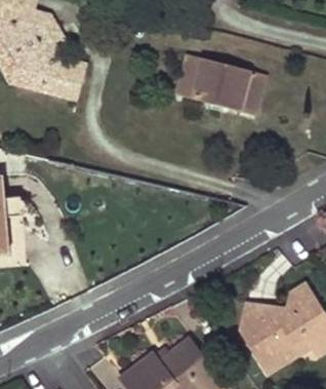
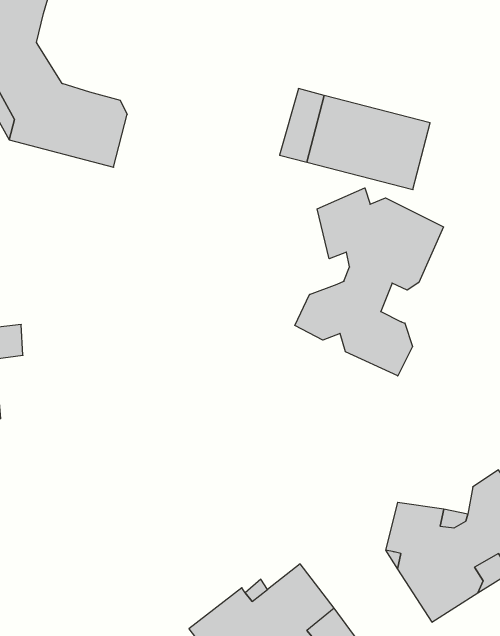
building: [30,9,65,56] -> none
building: none -> [295,188,444,376]

